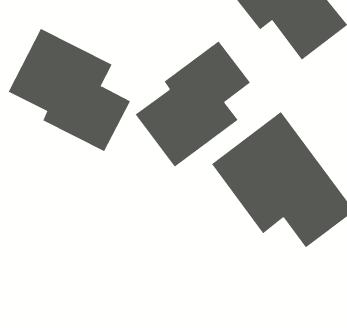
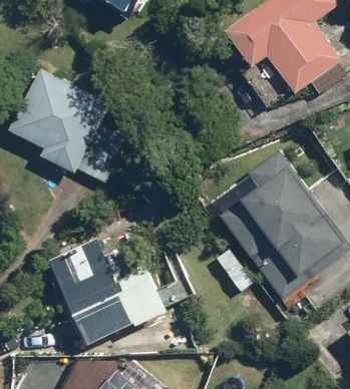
building: [135,41,251,168] -> none
building: none -> [47,237,195,347]

